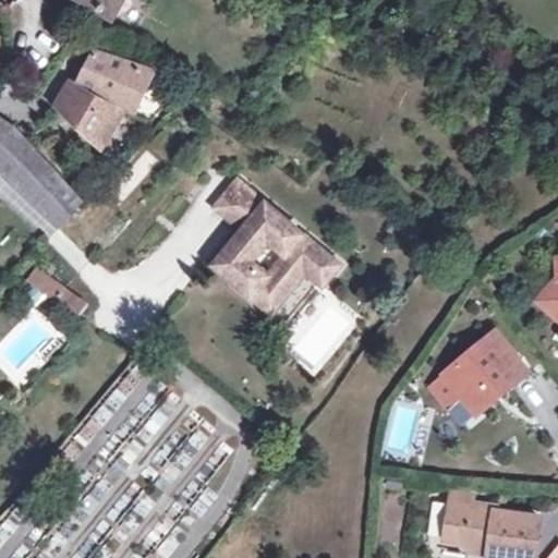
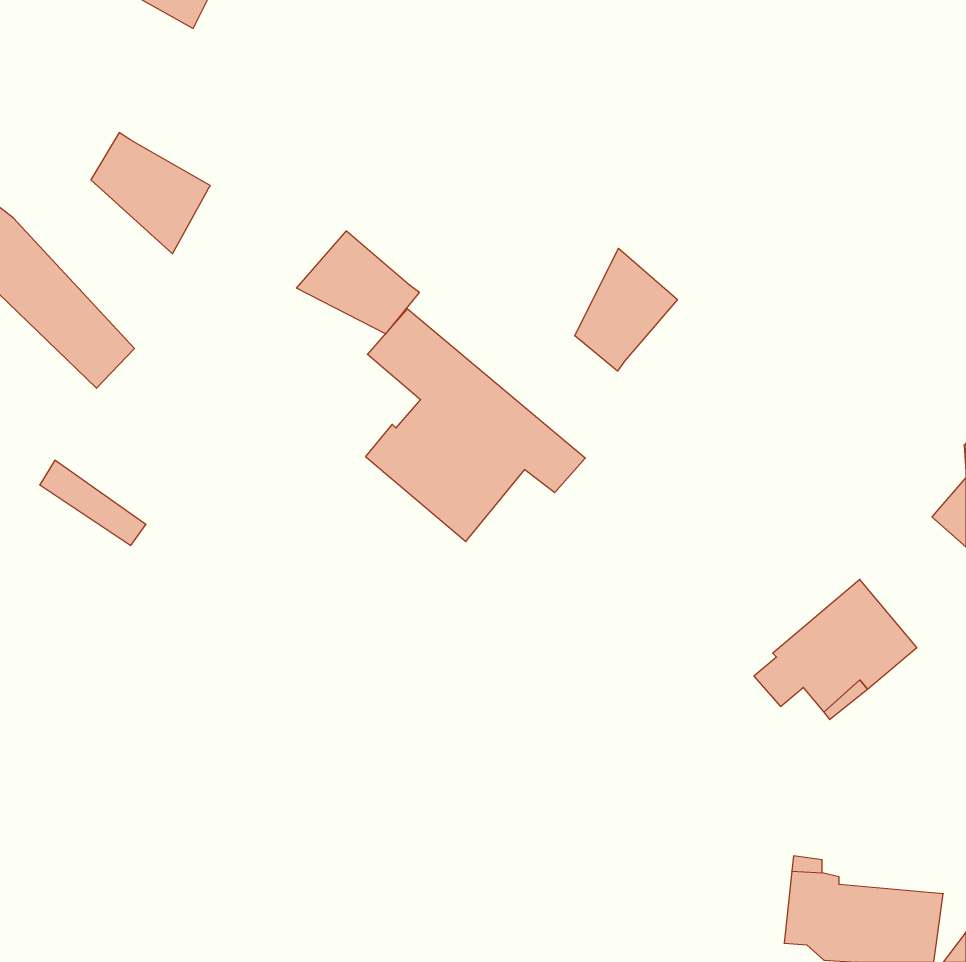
building: [75,49,150,111] -> none
building: none -> [297,231,419,334]
building: none -> [575,248,677,371]

